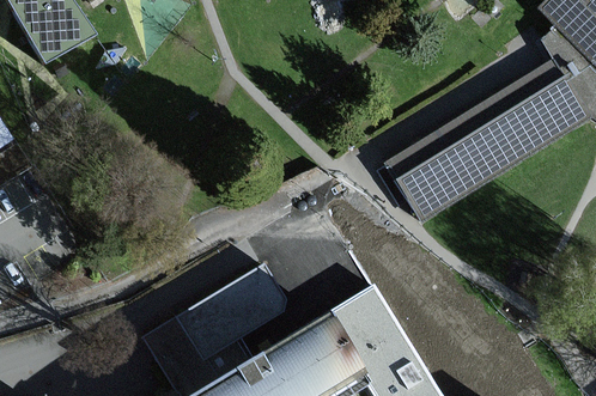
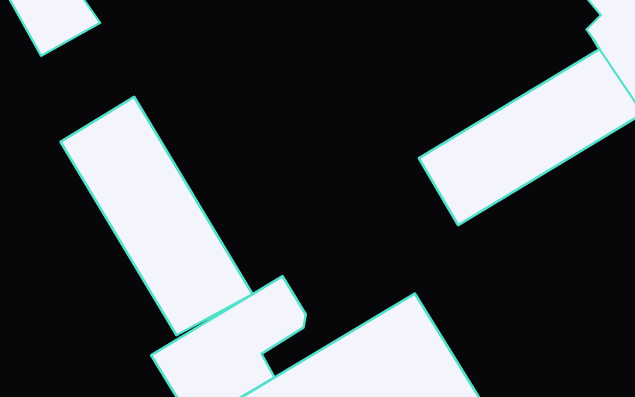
building: none -> [61,97,253,335]

